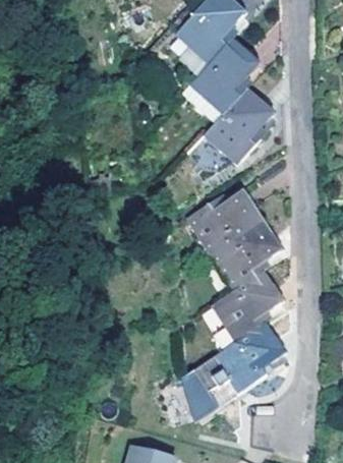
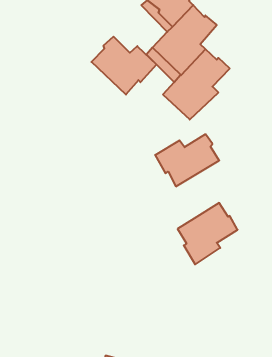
building: none -> [91,37,157,95]
building: [212,219,283,287] -> none
building: [179,322,284,419] -> none

